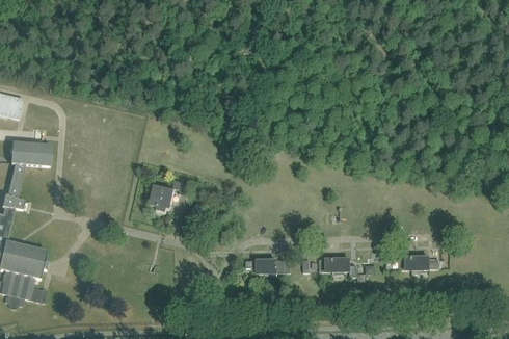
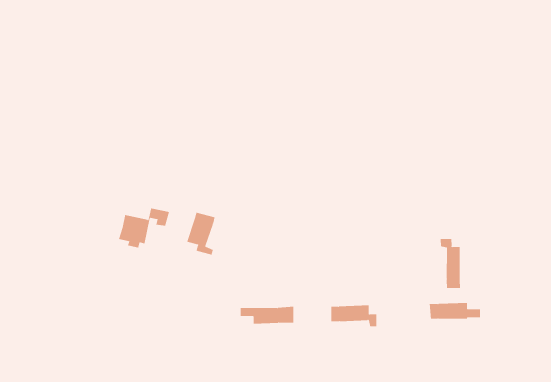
building: none -> [186,212,215,256]
building: none -> [440,238,460,289]

